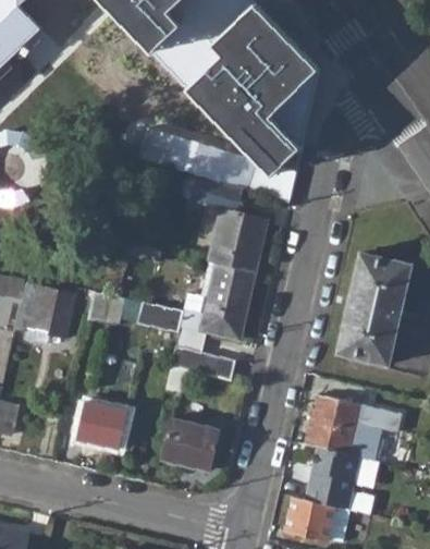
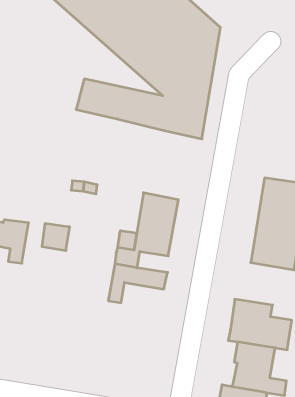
building: [176,171,267,272] -> none
building: [136,300,182,331] -> none
building: [75,401,125,447] -> none
building: [161,418,219,469] -> none

